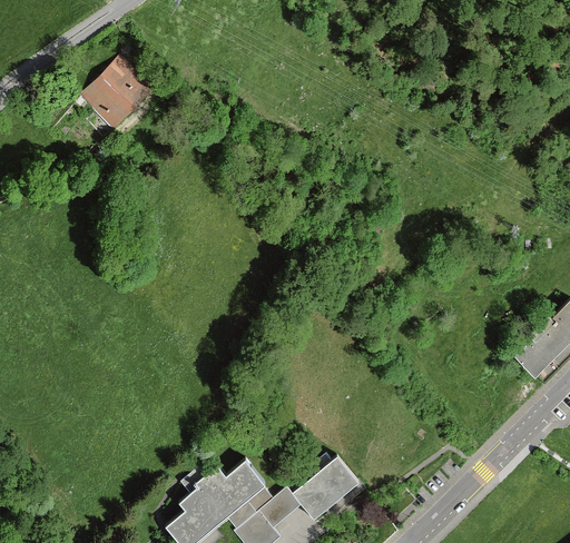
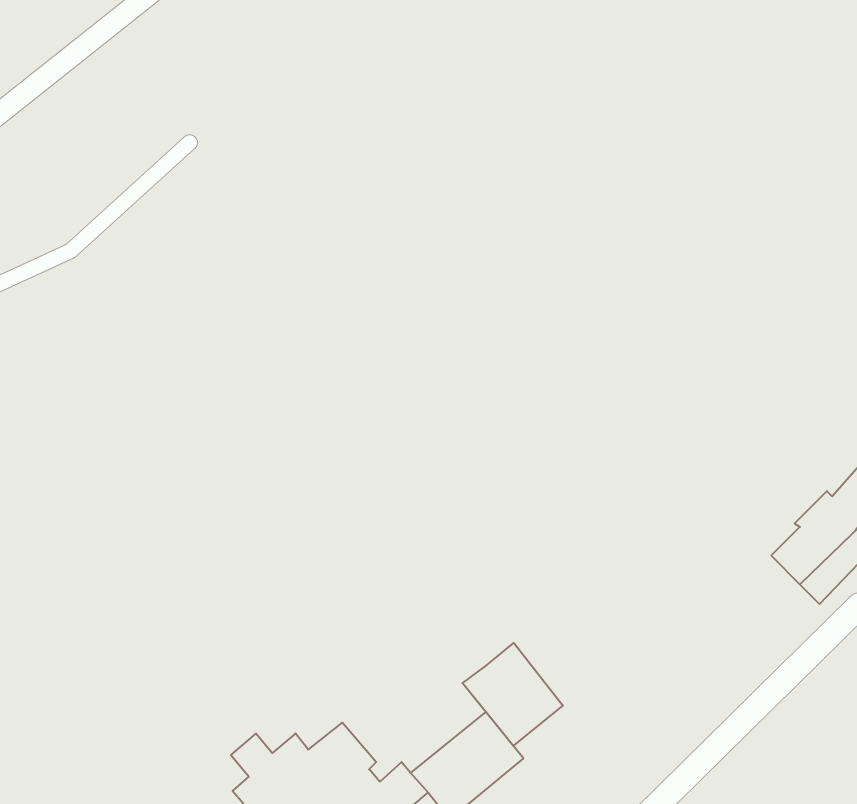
building: [81,59,151,129] -> none
building: none -> [462,643,563,746]

